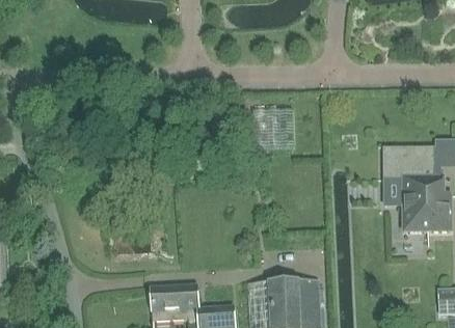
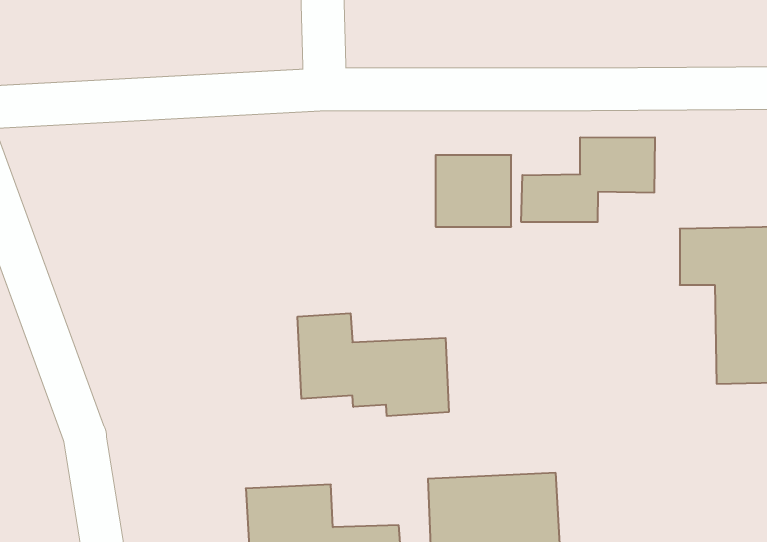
building: none -> [521,137,655,222]
building: none -> [298,313,449,416]

